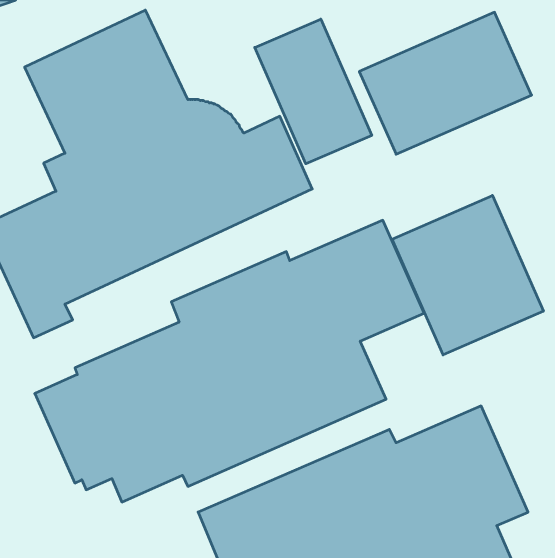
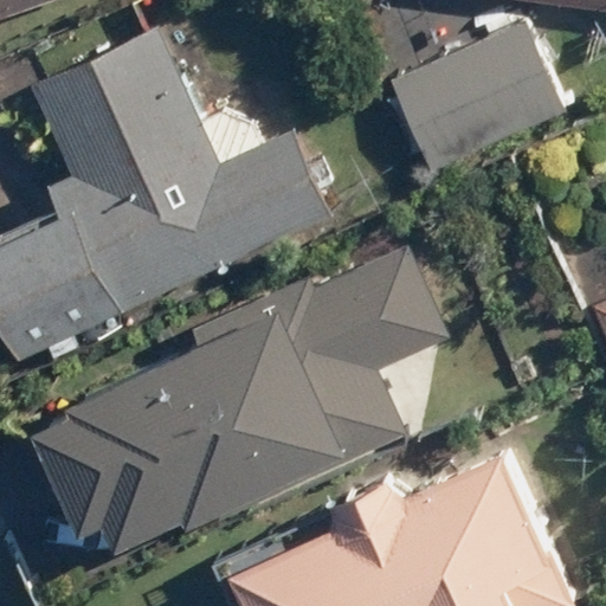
building: [255,19,372,164] -> none
building: [392,195,543,355] -> none

